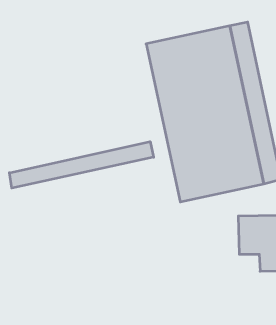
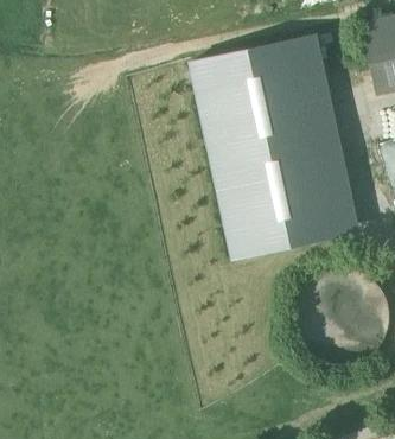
building: [9,142,154,188] -> none

